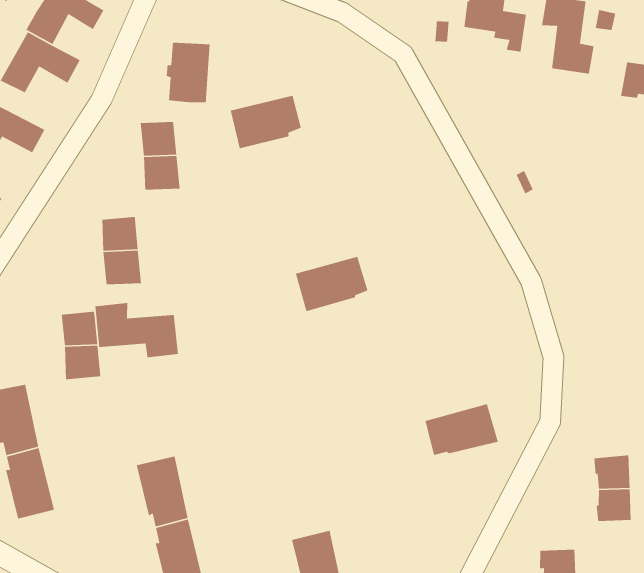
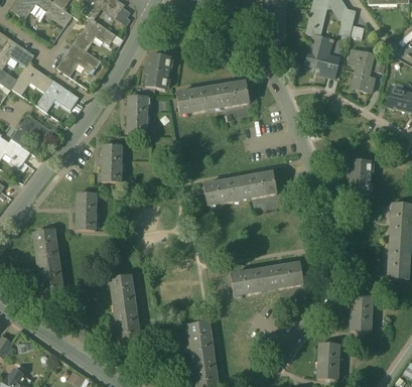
building: none -> [212,84,249,109]
building: none -> [347,161,371,195]
building: none -> [238,172,276,198]
building: [94,302,179,358] -> none
building: none -> [231,269,268,296]

